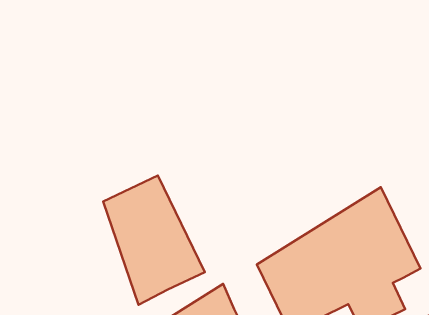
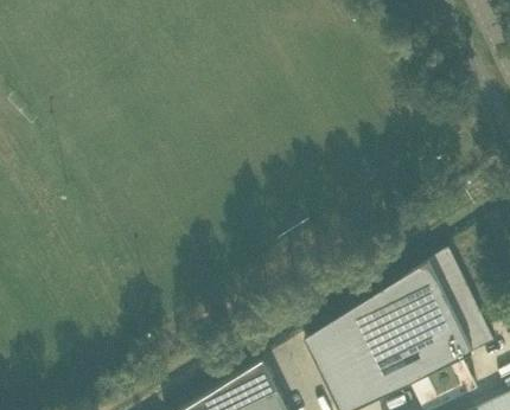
building: [103,175,205,305] -> none

